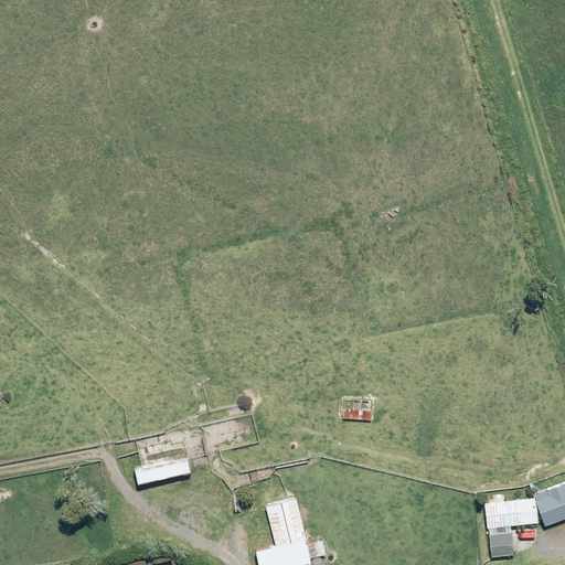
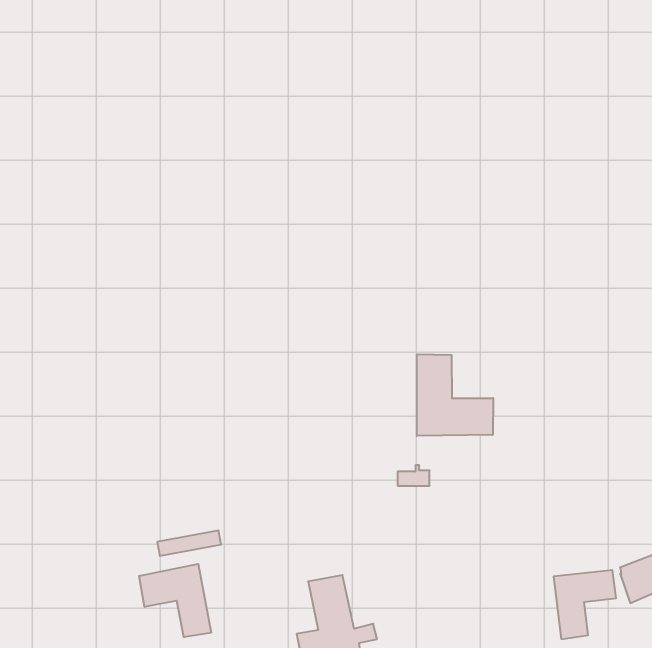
building: none -> [417,354,493,436]
building: none -> [139,564,211,637]

